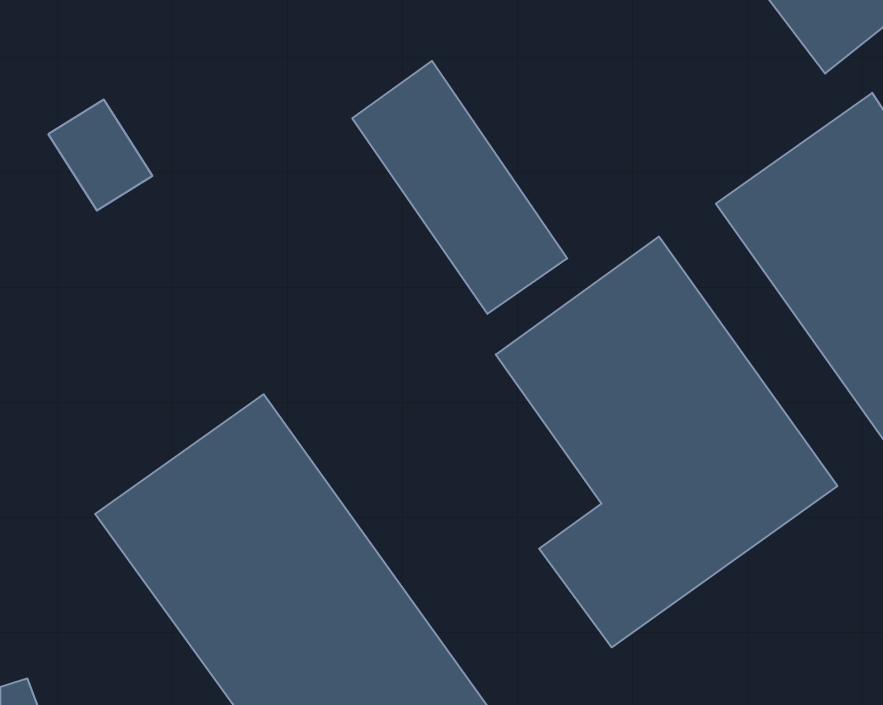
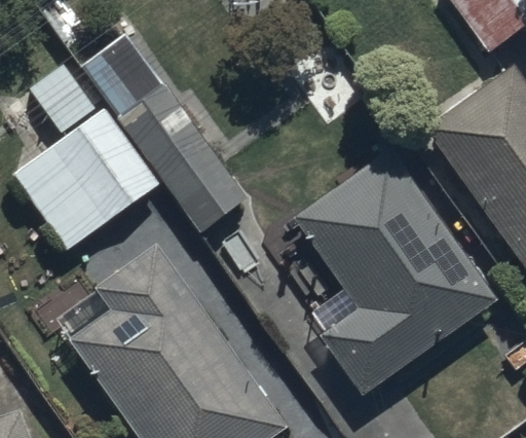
building: [352,61,567,314] -> [118,81,246,231]
building: none -> [11,110,157,252]

